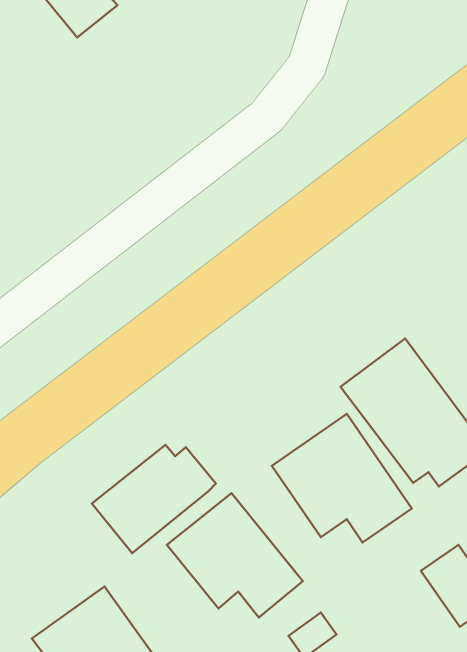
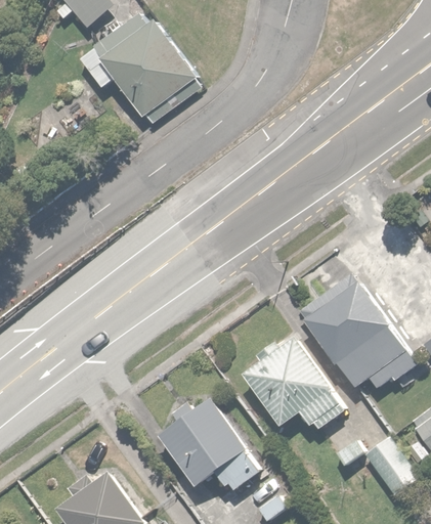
building: none -> [77,11,196,120]
building: [92,445,216,553] -> none

